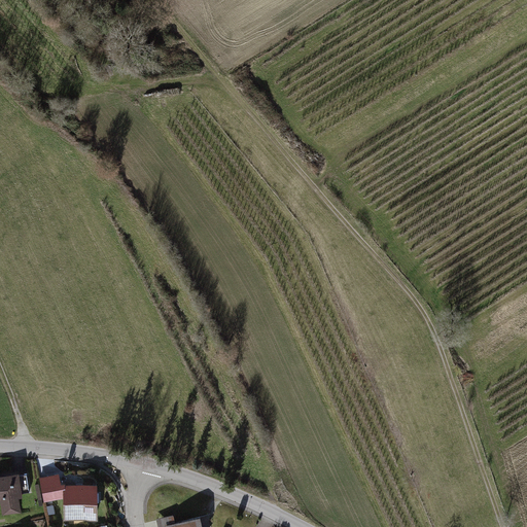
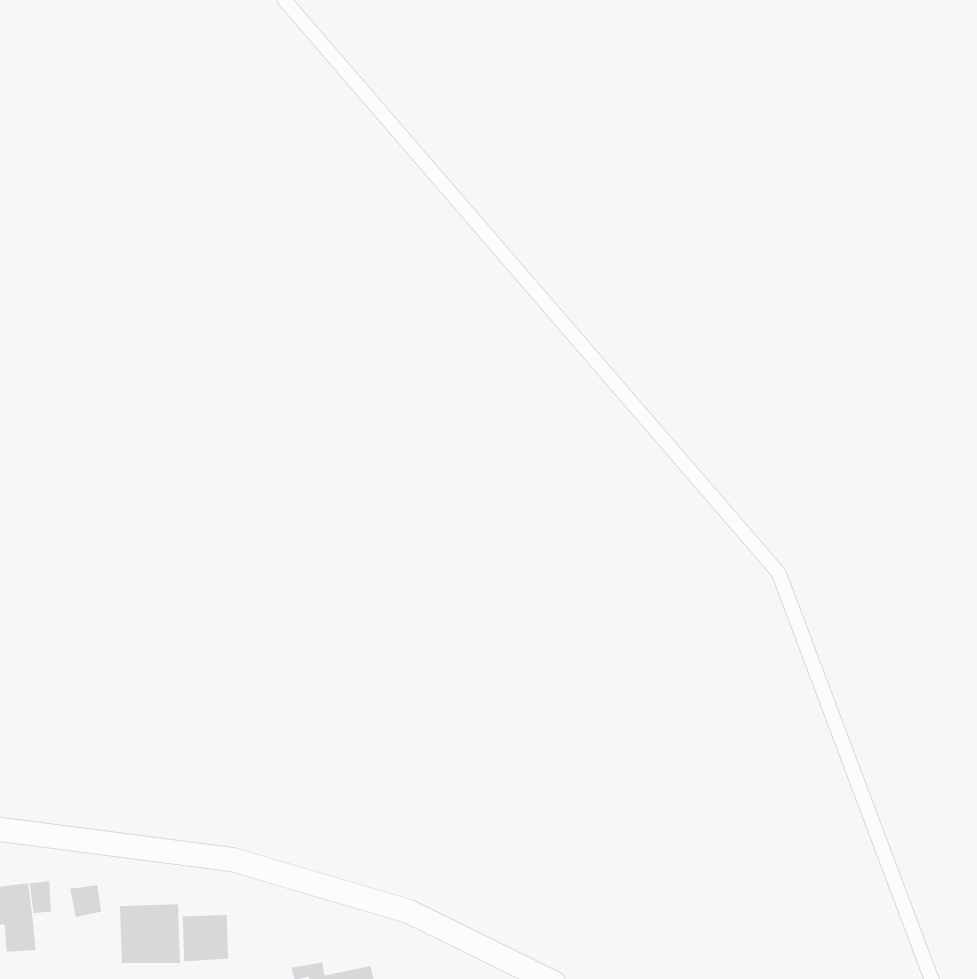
building: none -> [182,914,229,962]

